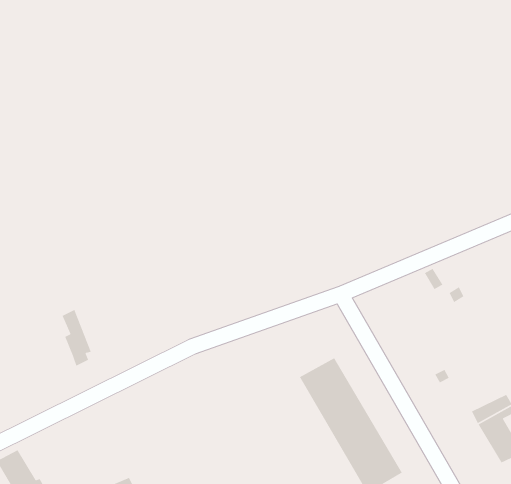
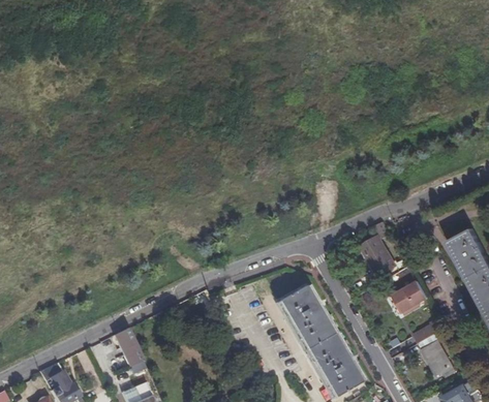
building: none -> [363,235,399,276]
building: [62,309,92,367] -> [119,328,143,373]
building: none -> [396,282,429,311]

